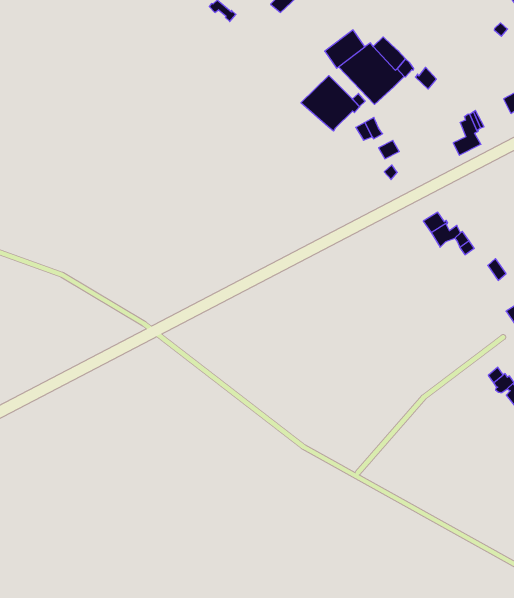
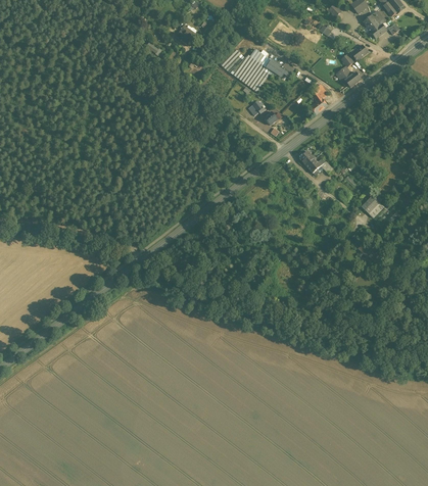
building: [301,76,360,131] -> none

